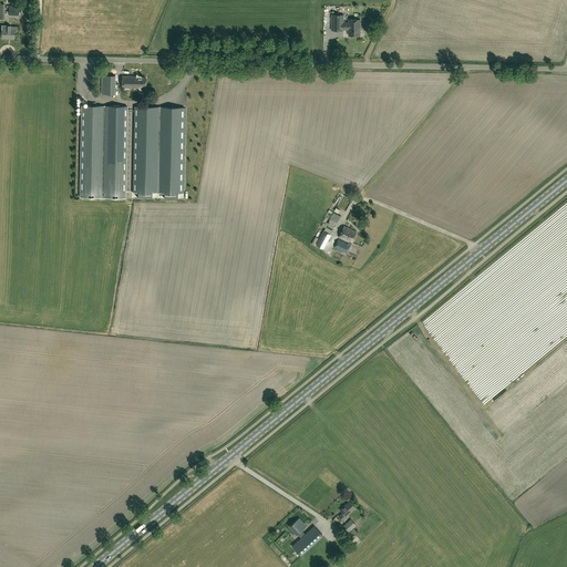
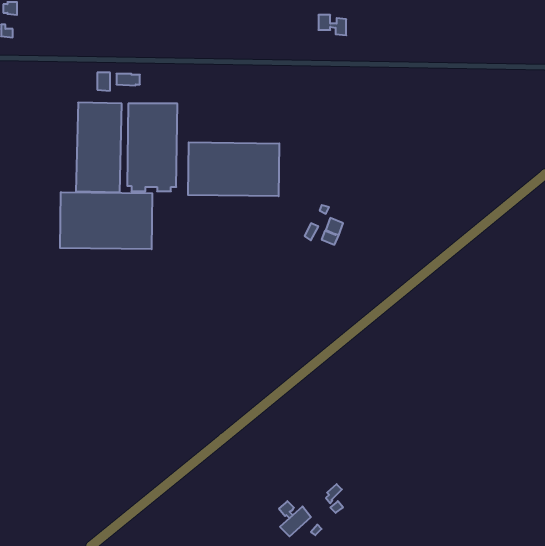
building: none -> [188,142,279,196]
building: none -> [60,192,152,249]

